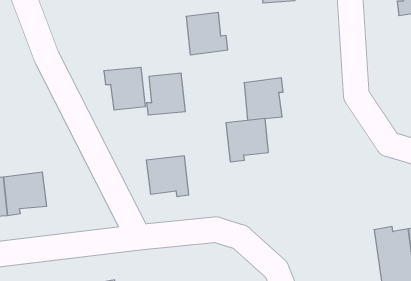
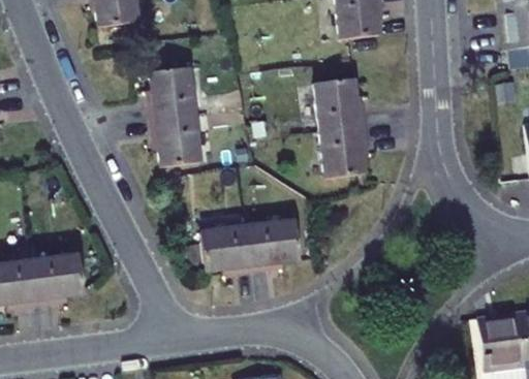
building: [186,12,228,55] -> [314,85,365,136]
building: [146,73,185,115] -> [147,71,194,122]
building: [226,118,268,162] -> [247,220,299,273]

